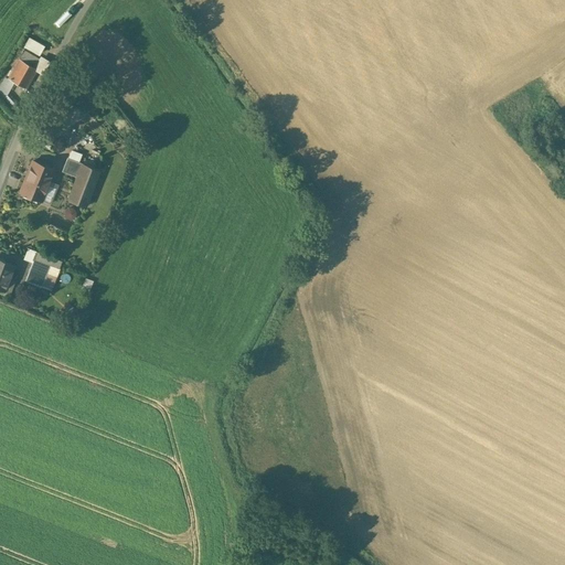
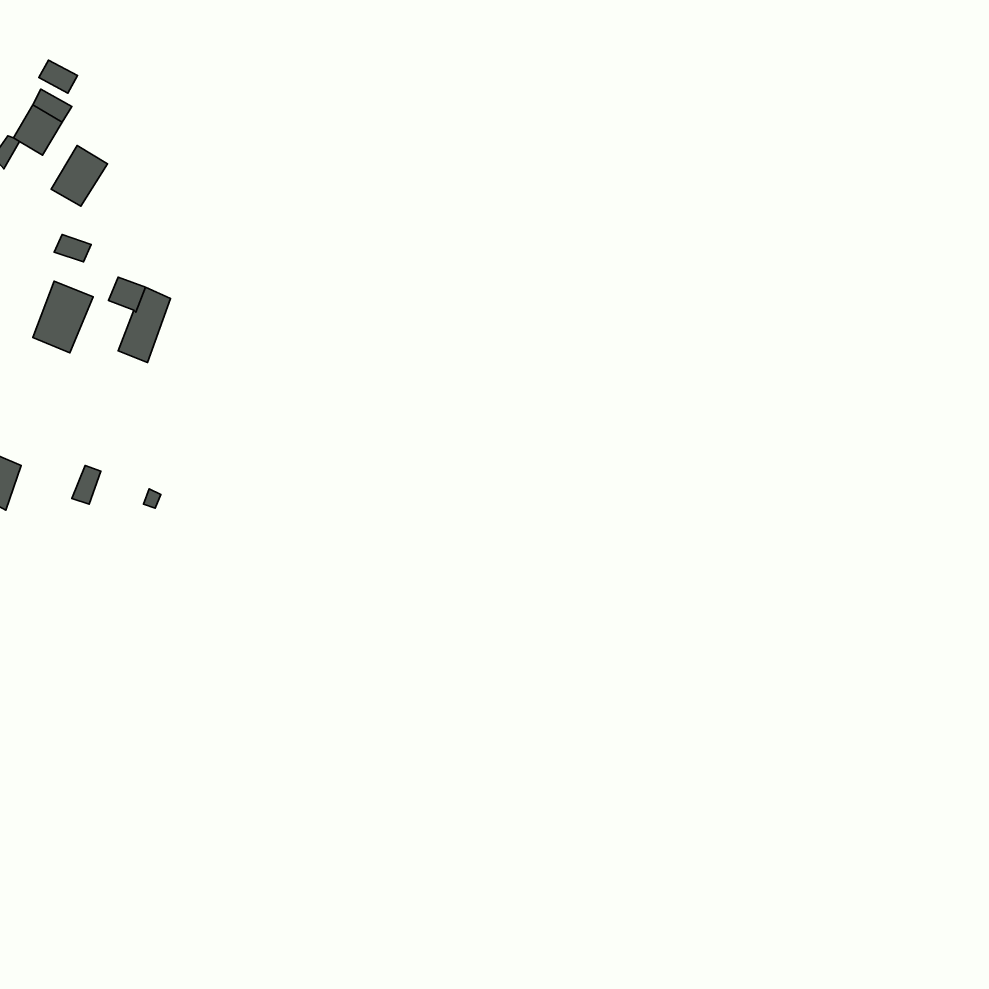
building: none -> [51,145,108,206]
building: [23,259,49,289] -> none

